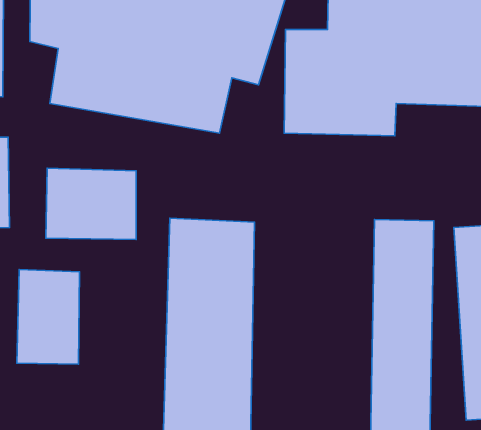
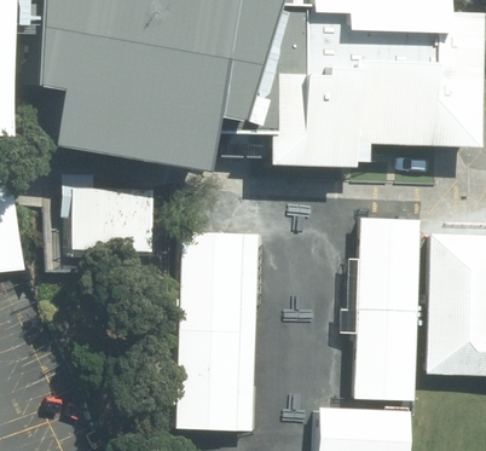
building: [17,269,79,364] -> none

